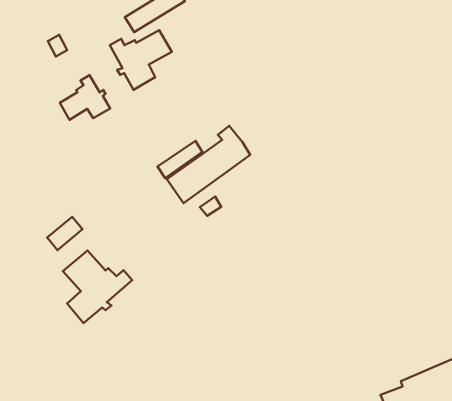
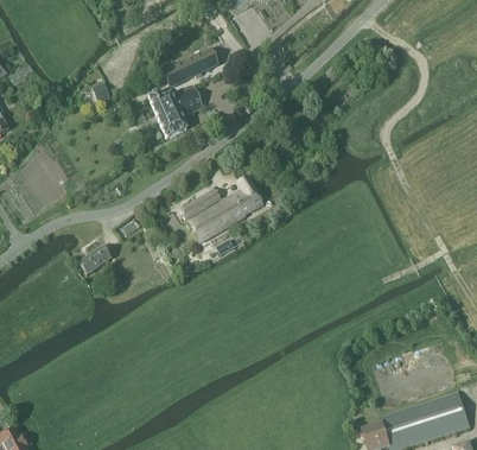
building: [60,75,110,120] -> none
building: [63,251,132,323] -> none

